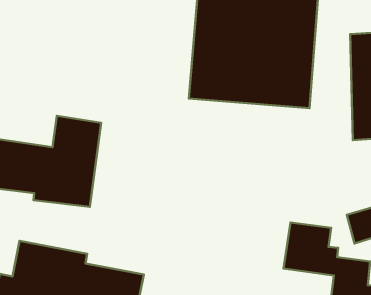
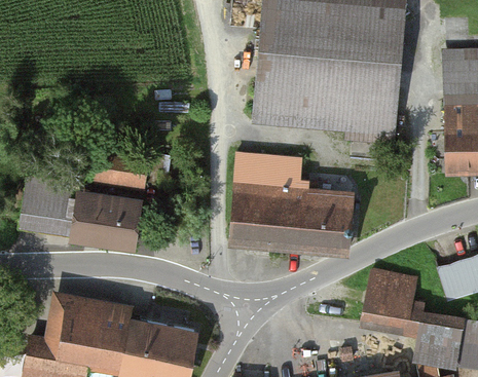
building: none -> [232,152,352,247]

